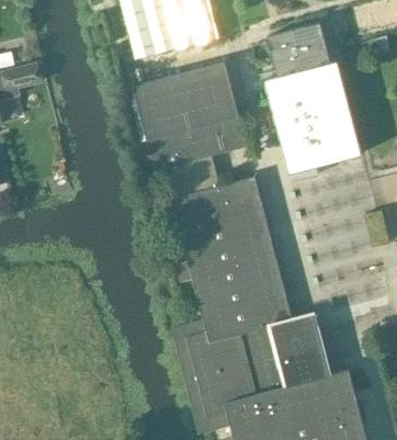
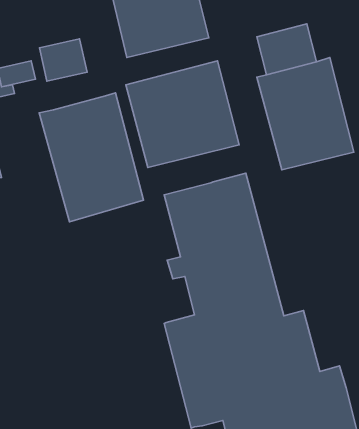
building: none -> [39,39,87,81]
building: none -> [39,93,144,222]

